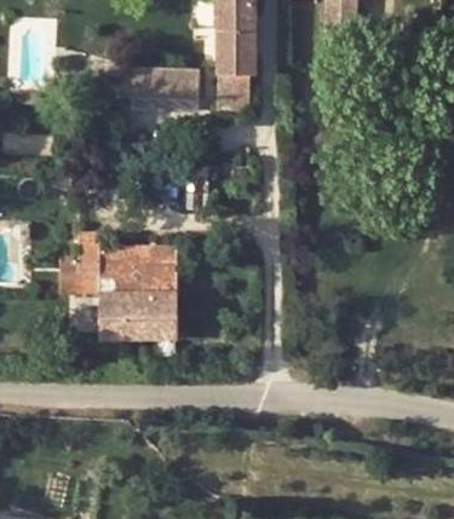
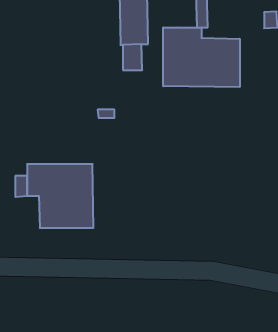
building: none -> [163,27,240,87]
building: [119,67,196,99] -> none

